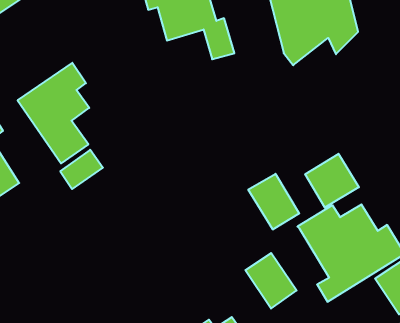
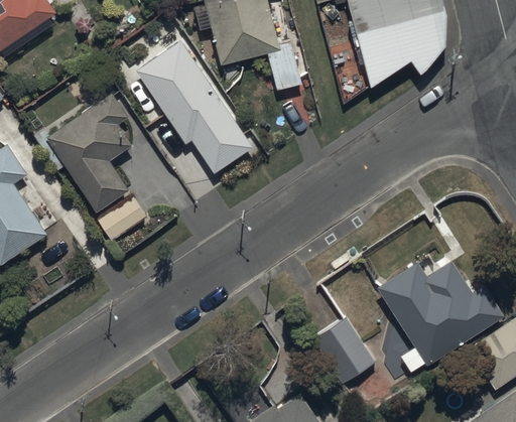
building: none -> [133,42,253,173]
building: [305,154,359,208] -> none
building: [248,174,299,230] -> none

